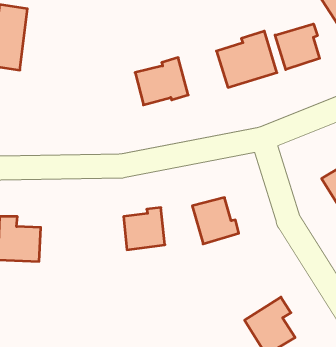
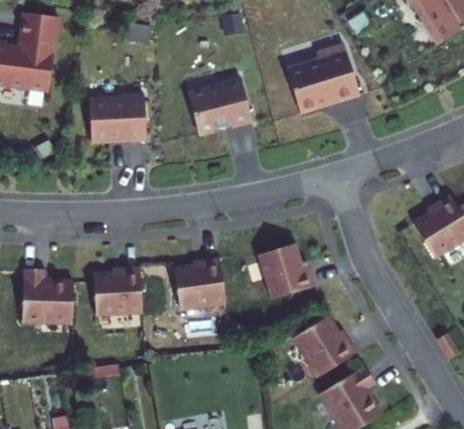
building: [275,24,320,70] -> none
building: none -> [88,94,145,142]
building: none -> [93,267,143,315]
building: none -> [293,317,356,377]

